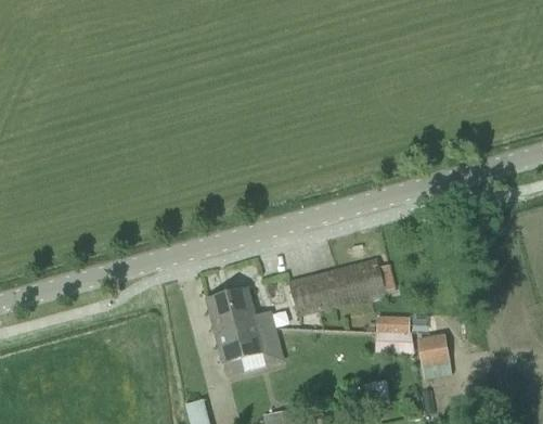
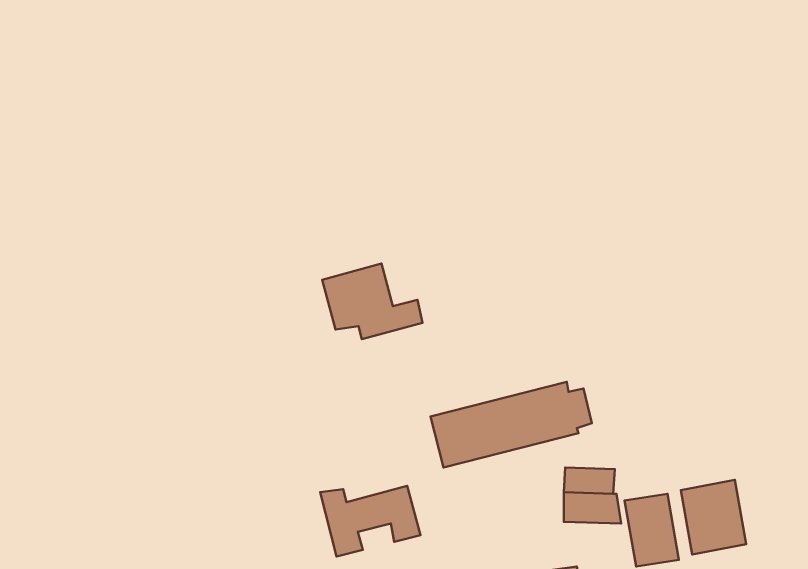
building: [207,287,273,337] -> [322,263,423,339]
building: none -> [681,480,746,555]

